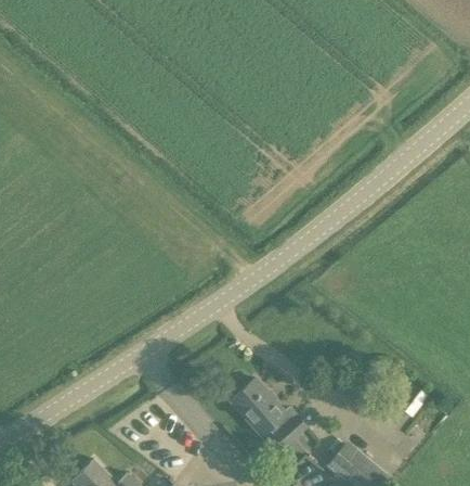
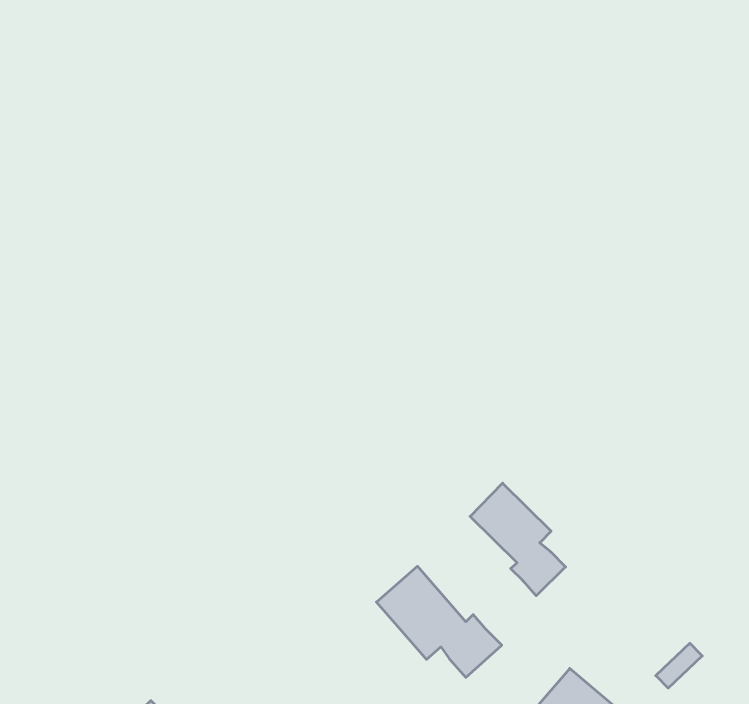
building: none -> [470,483,566,596]

